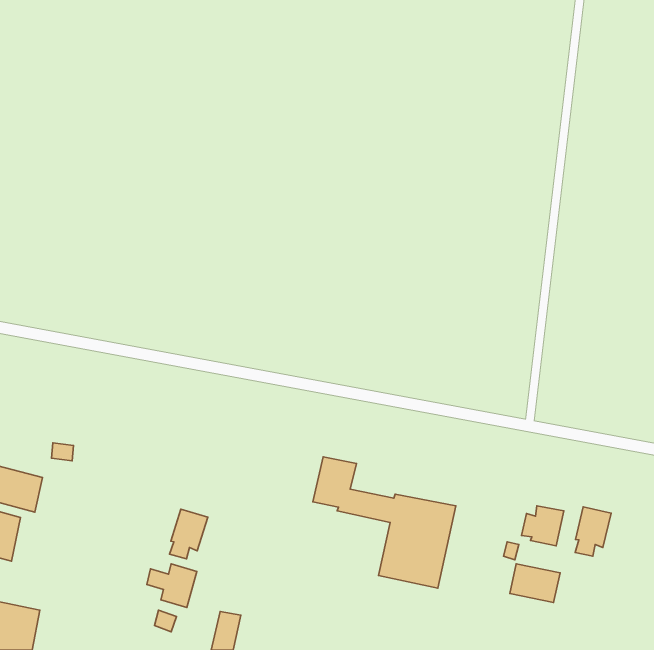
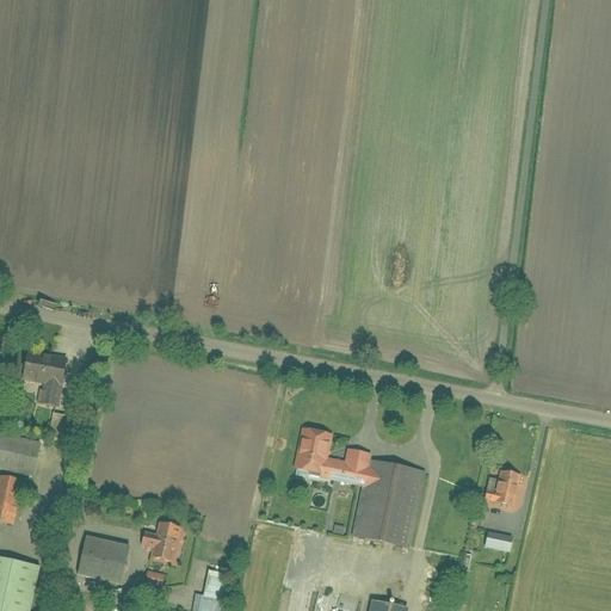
building: none -> [24,346,66,403]
building: [575,507,611,556] -> none
building: [169,509,208,559] -> none
building: none -> [82,536,129,582]

